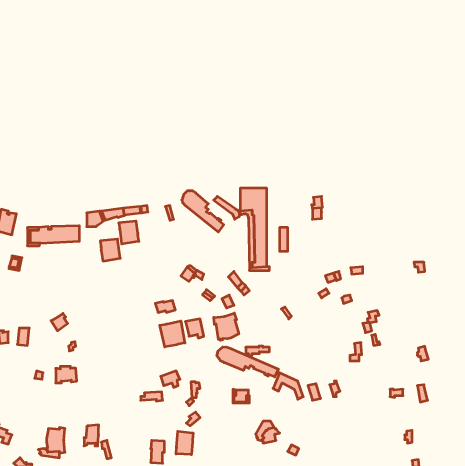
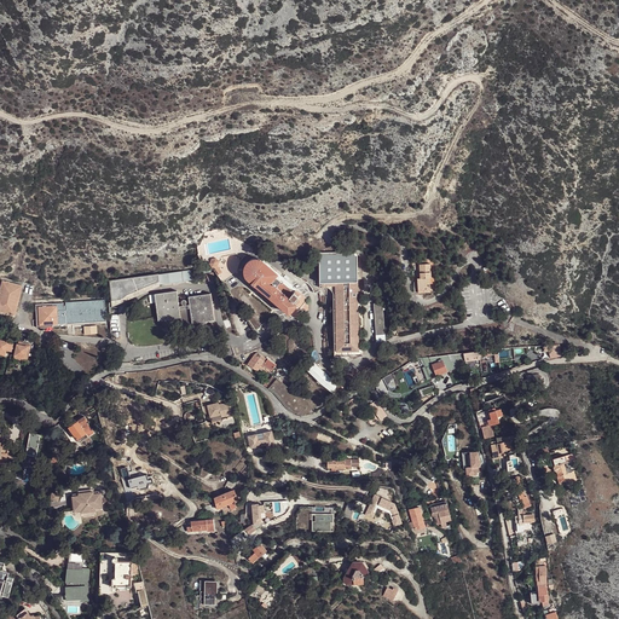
building: [100,239,120,261] -> [187,297,214,326]
building: [214,313,239,340] -> none
building: [160,321,185,347] -> none
building: [217,347,278,377] -> none
building: [176,431,193,455] -> none

